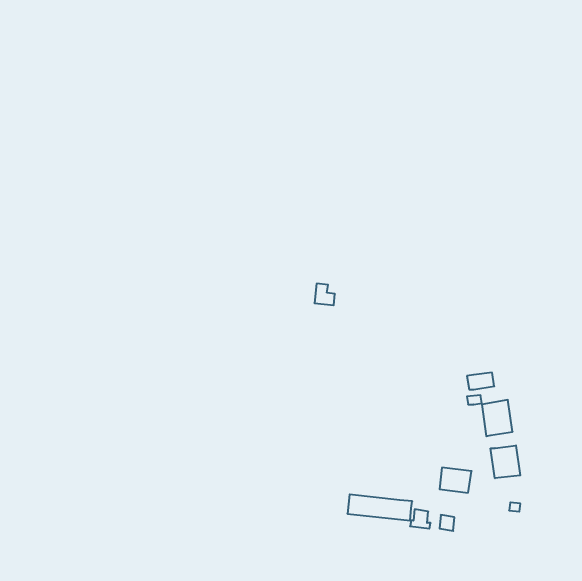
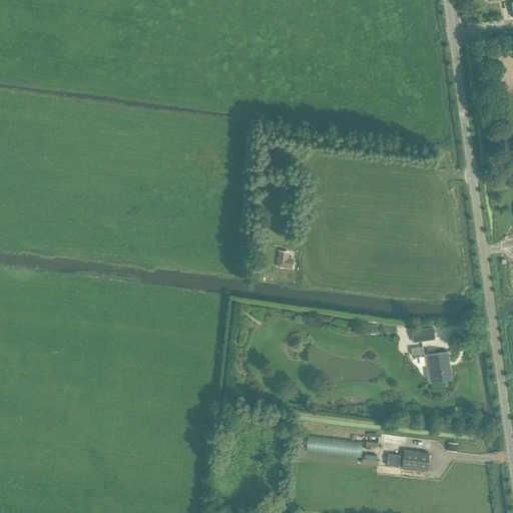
building: [491,445,520,478] -> none
building: [440,468,472,493] -> [402,449,430,471]

